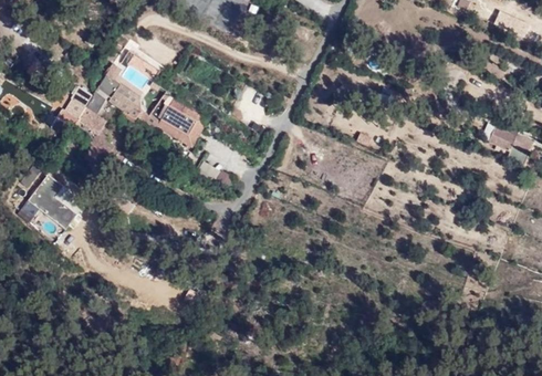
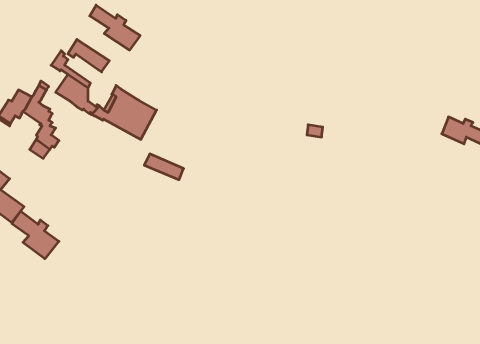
building: none -> [90,5,140,50]
building: none -> [12,211,59,259]

